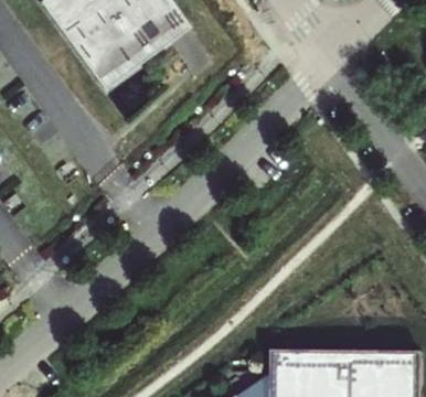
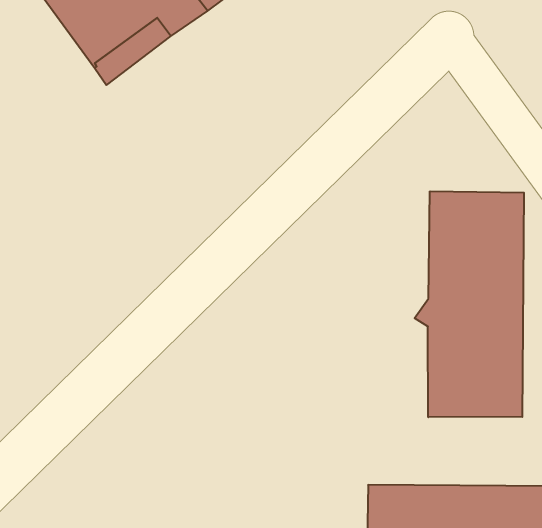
building: none -> [415,191,524,417]

